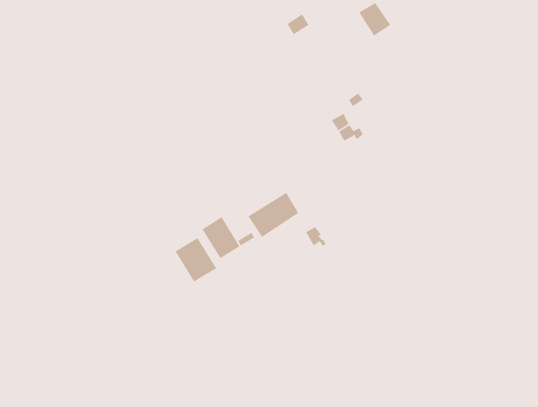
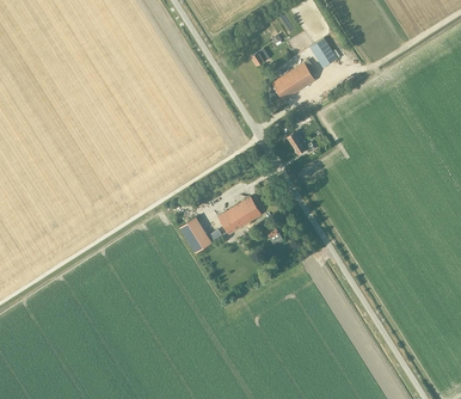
building: none -> [271,62,314,100]
building: [175,237,217,282] -> none

